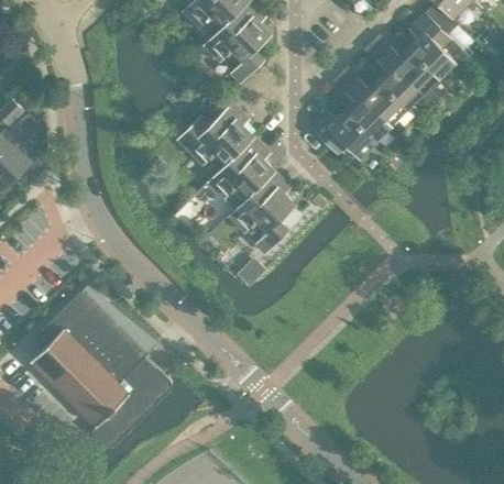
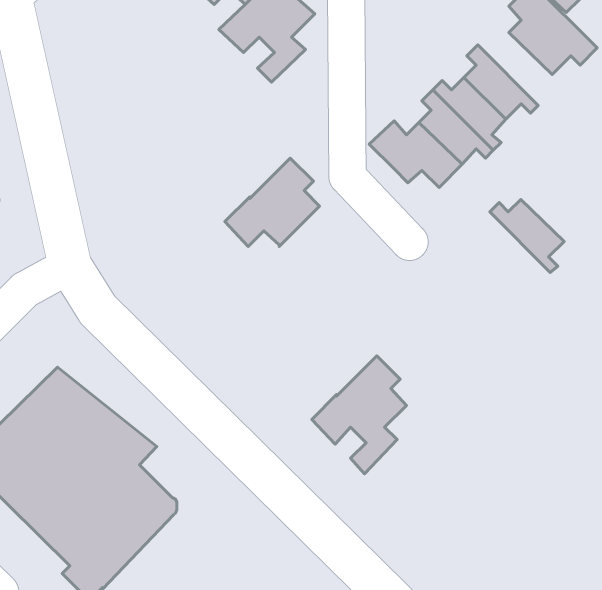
building: [384,47,437,99] -> [490,200,564,272]
building: [174,102,251,165] -> none
building: [226,170,293,254] -> [312,356,406,474]

